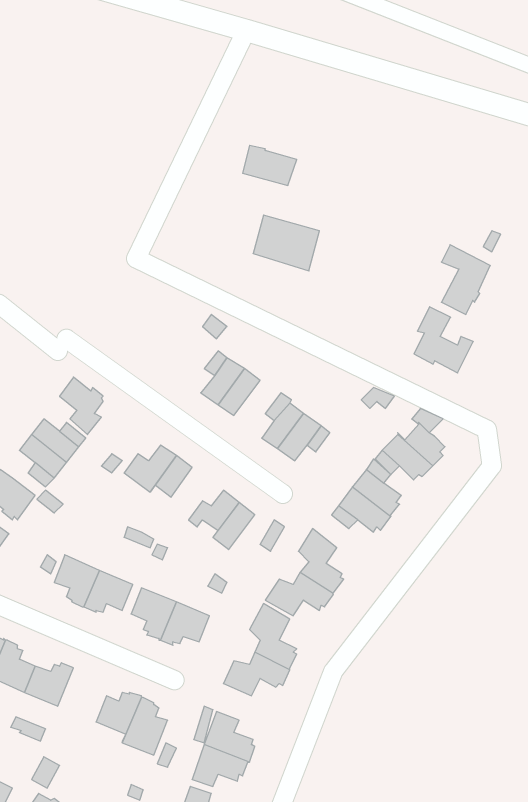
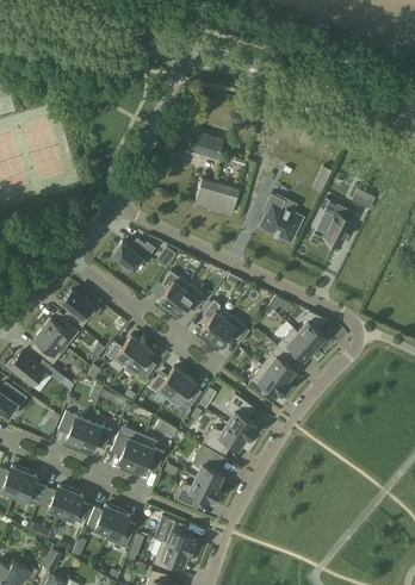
building: none -> [112,239,156,273]
building: [414,307,473,373] -> [260,195,301,241]
building: none -> [61,488,89,523]

